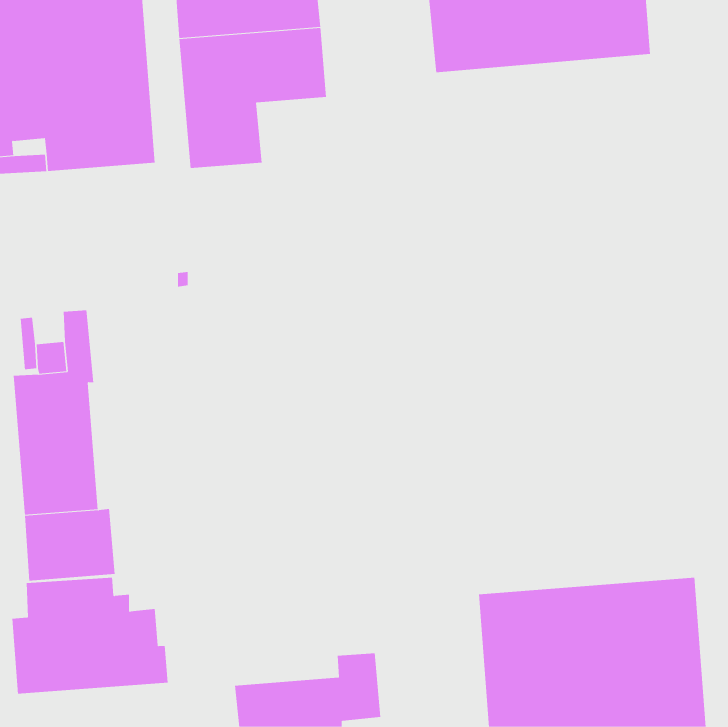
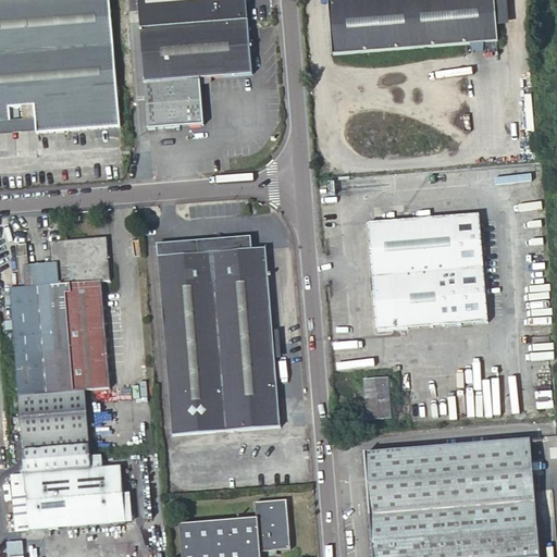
building: none -> [369,212,486,330]
building: none -> [66,233,109,388]
building: none -> [158,238,280,435]
building: none -> [366,376,392,418]

